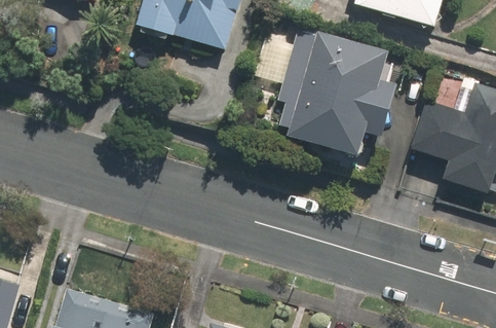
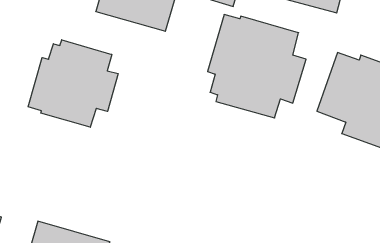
building: none -> [28,40,118,127]

